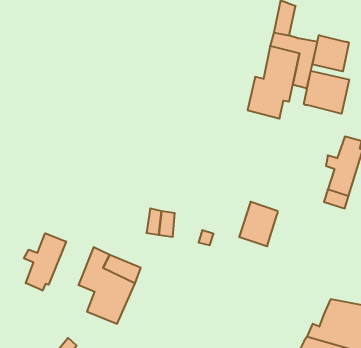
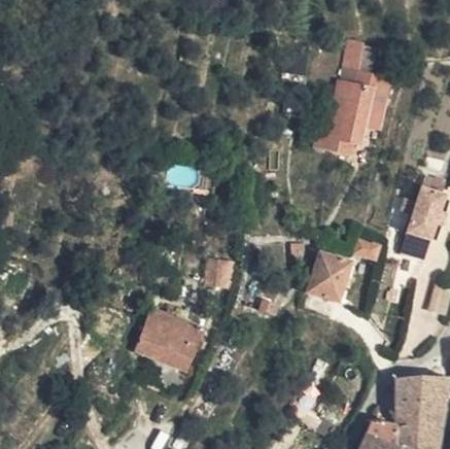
building: [312,35,349,71] -> none
building: [304,71,349,114] -> none
building: [24,233,66,291] -> none

